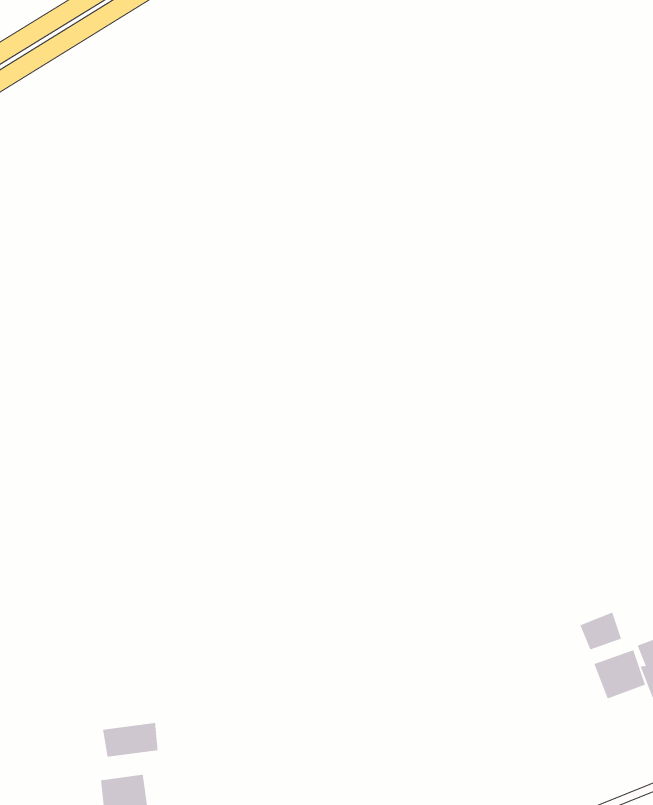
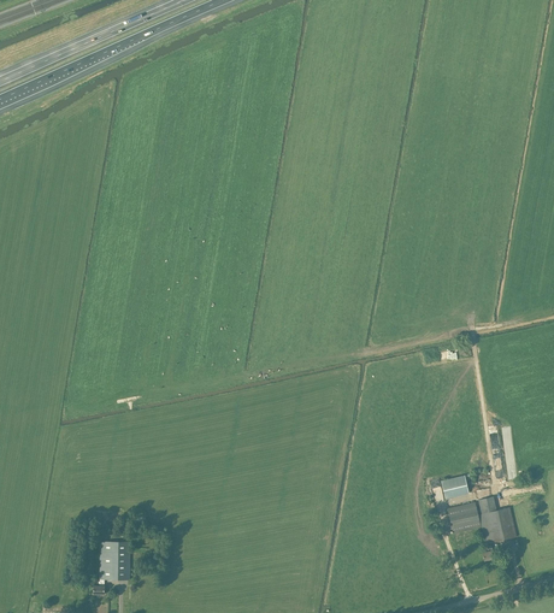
building: [103,722,158,757] -> none

